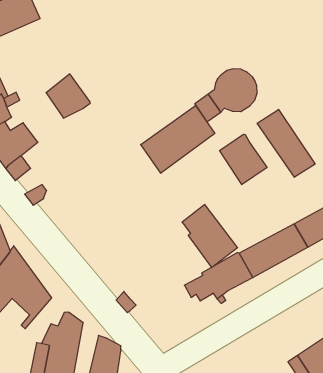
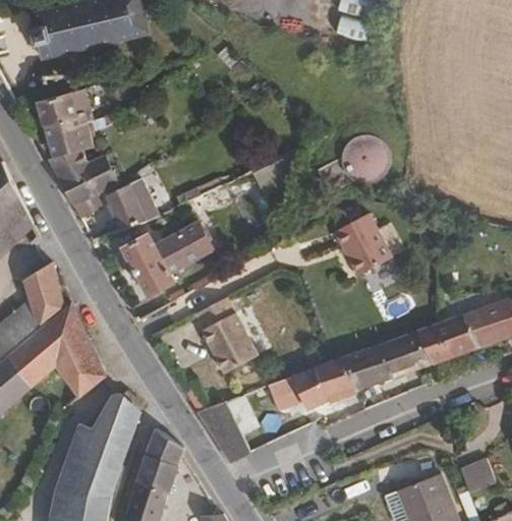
building: [46,74,90,118] -> [107,179,159,232]
building: [141,105,215,173] -> none
building: [257,109,315,177] -> none
building: none -> [122,225,212,297]
building: [182,205,238,268] -> [194,297,258,375]
building: none -> [196,401,249,461]

